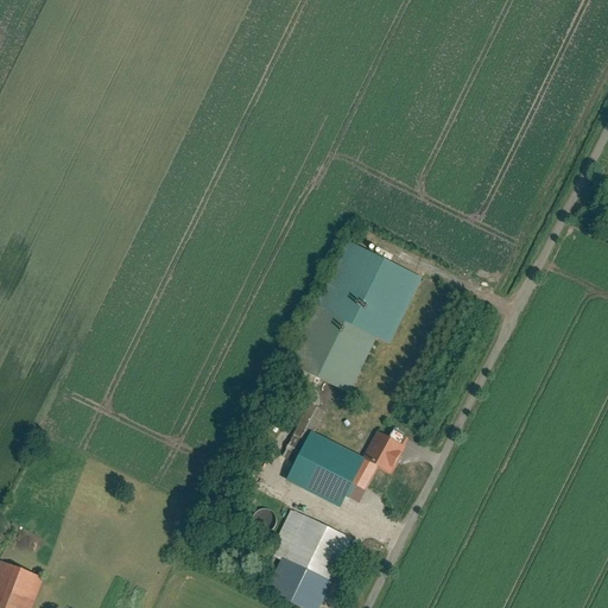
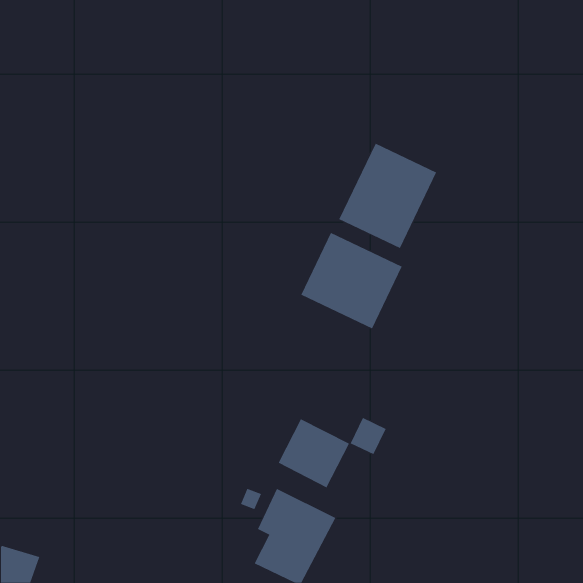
building: none -> [339,143,437,249]
building: [286,306,375,393] -> none

